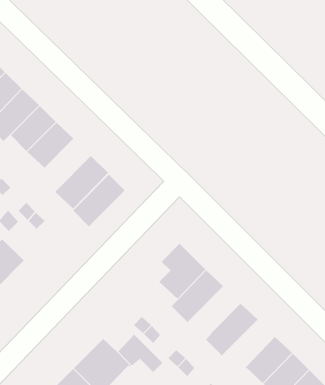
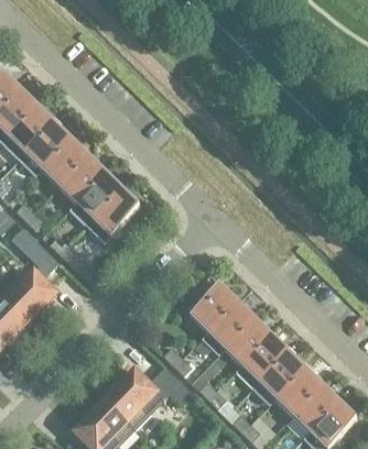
building: [72,174,126,227] -> [69,172,122,224]
building: none -> [225,318,271,364]
building: none -> [252,351,305,404]

